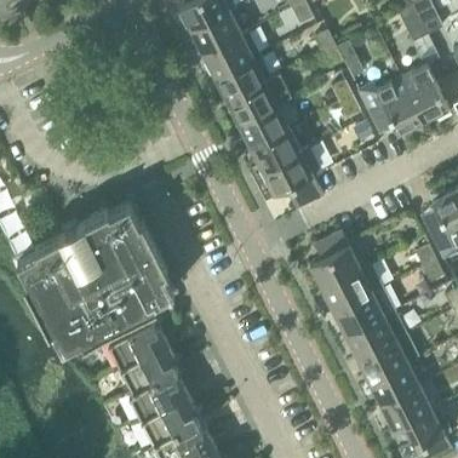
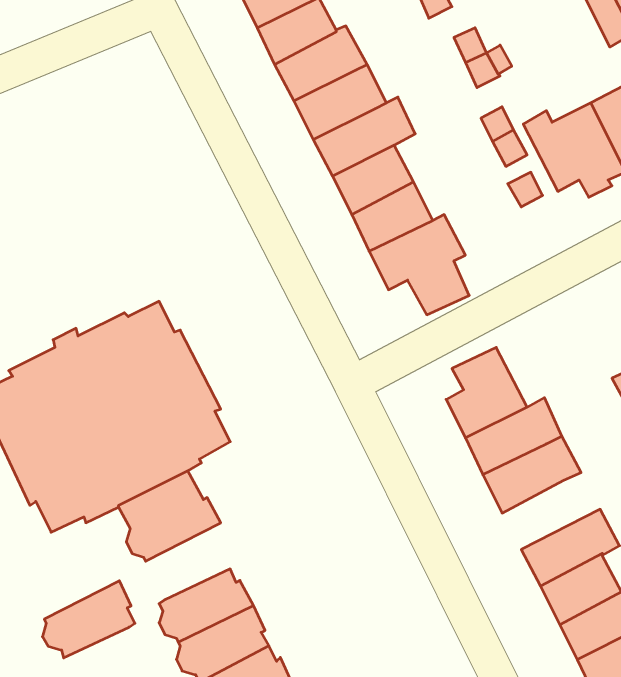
building: [344,309,406,357] -> none
building: [119,340,177,389] -> [42,581,135,658]

